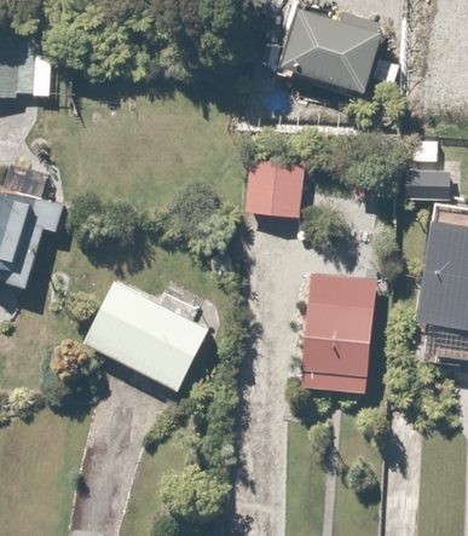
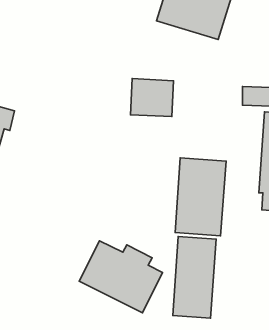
building: [88,282,213,390] -> [79,241,163,313]
building: none -> [173,236,216,318]

